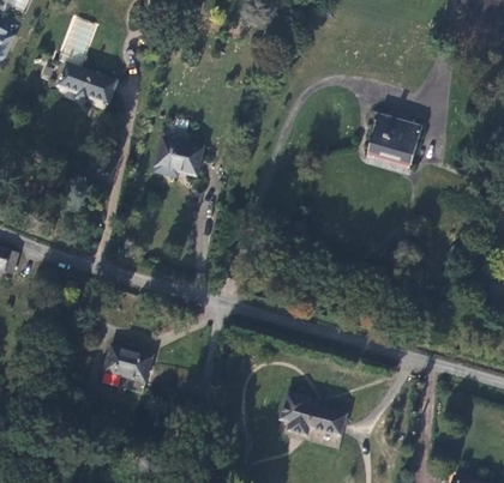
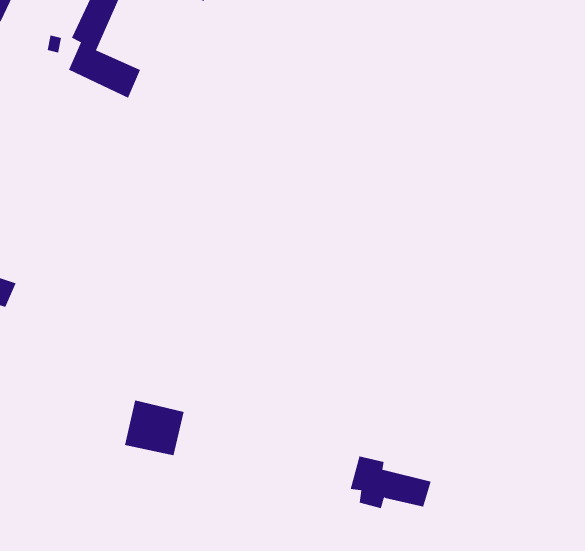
building: [366,115,420,162] -> none
building: [157,139,203,179] -> none

